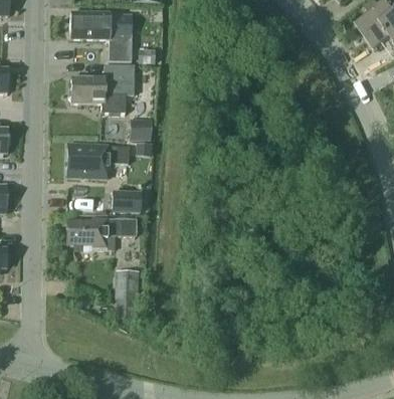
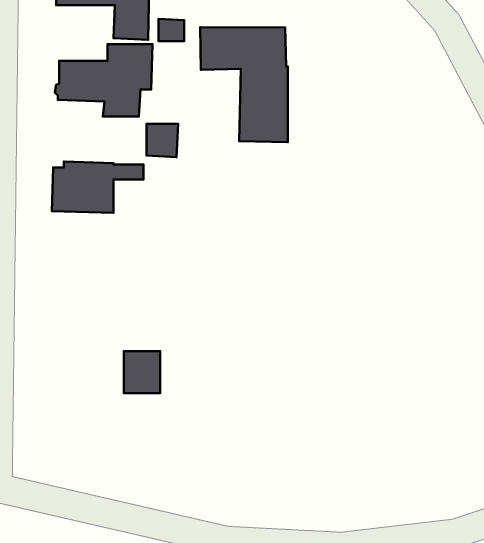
building: none -> [200,27,288,142]
building: [112,192,141,211] -> none
building: [66,218,136,248] -> none

